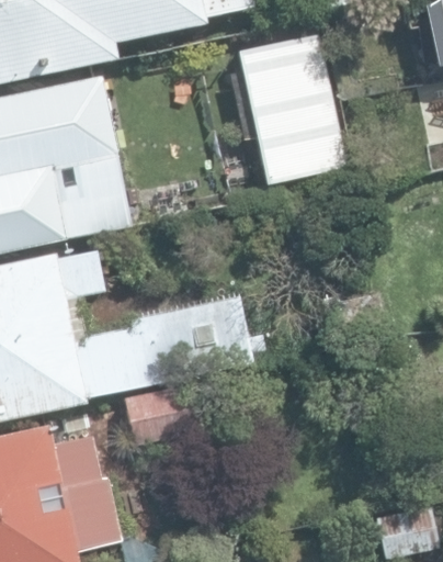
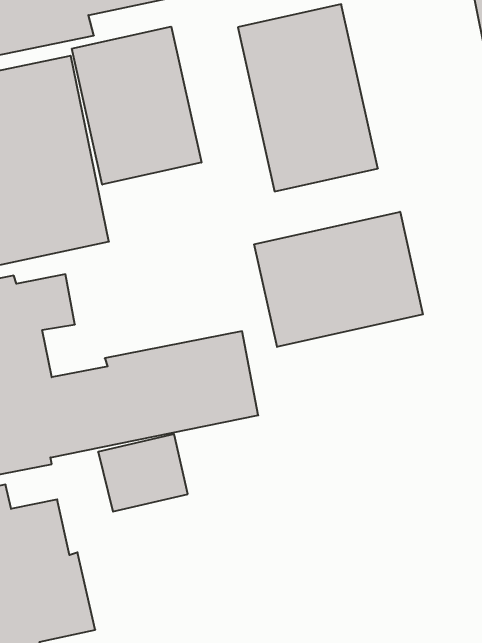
building: none -> [72,27,201,185]
building: none -> [254,212,423,347]

